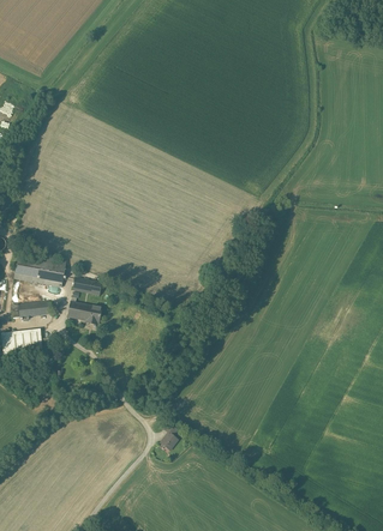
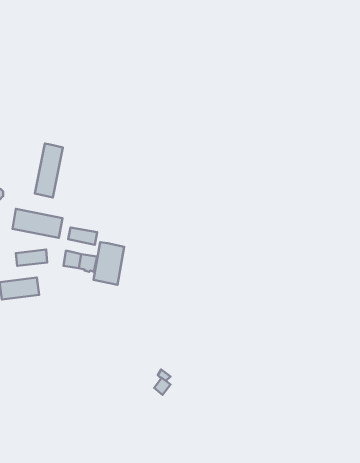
building: none -> [35,143,63,198]
building: none -> [93,242,124,285]

